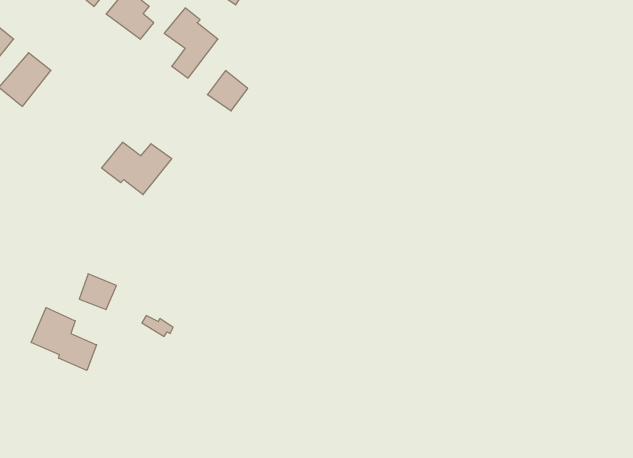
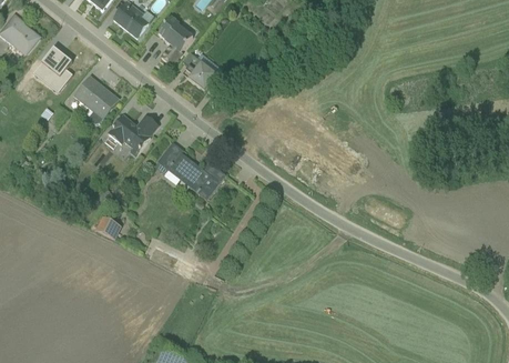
building: none -> [74,74,120,119]
building: none -> [157,141,225,198]
building: [31,307,97,370] -> none

